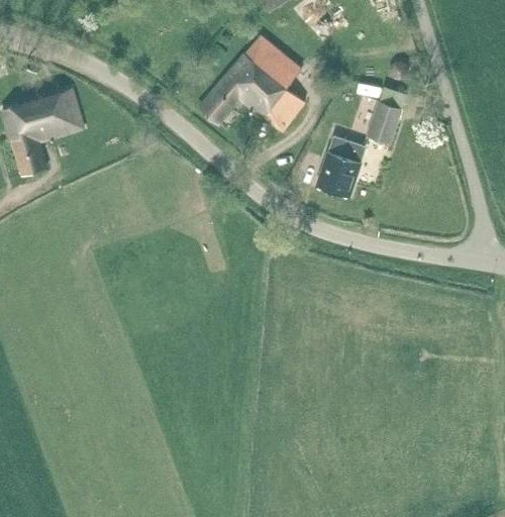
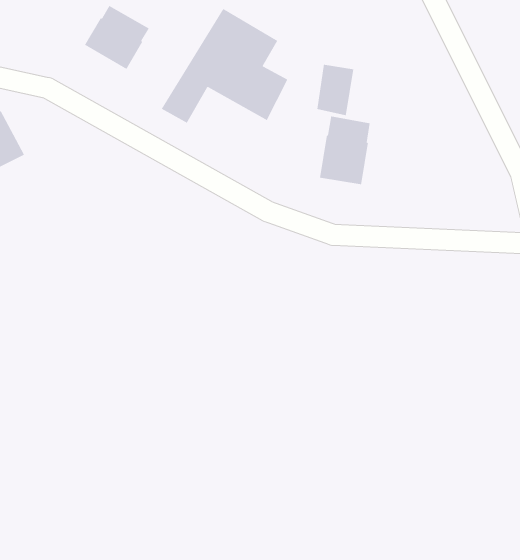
building: none -> [84,5,149,70]
building: [366,100,401,144] -> [316,64,354,116]

